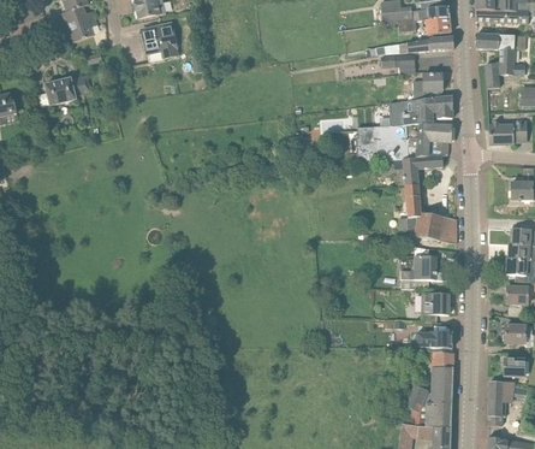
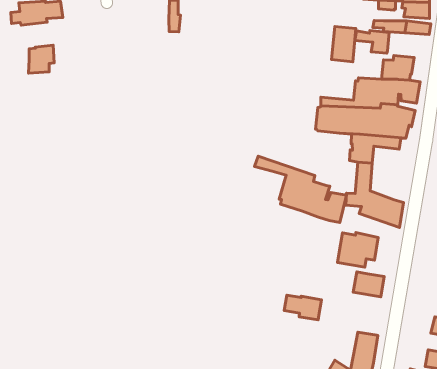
building: none -> [332,26,356,62]
building: none -> [28,45,54,73]
building: none -> [255,156,346,222]
building: [416,332,451,353] -> [284,295,321,320]

